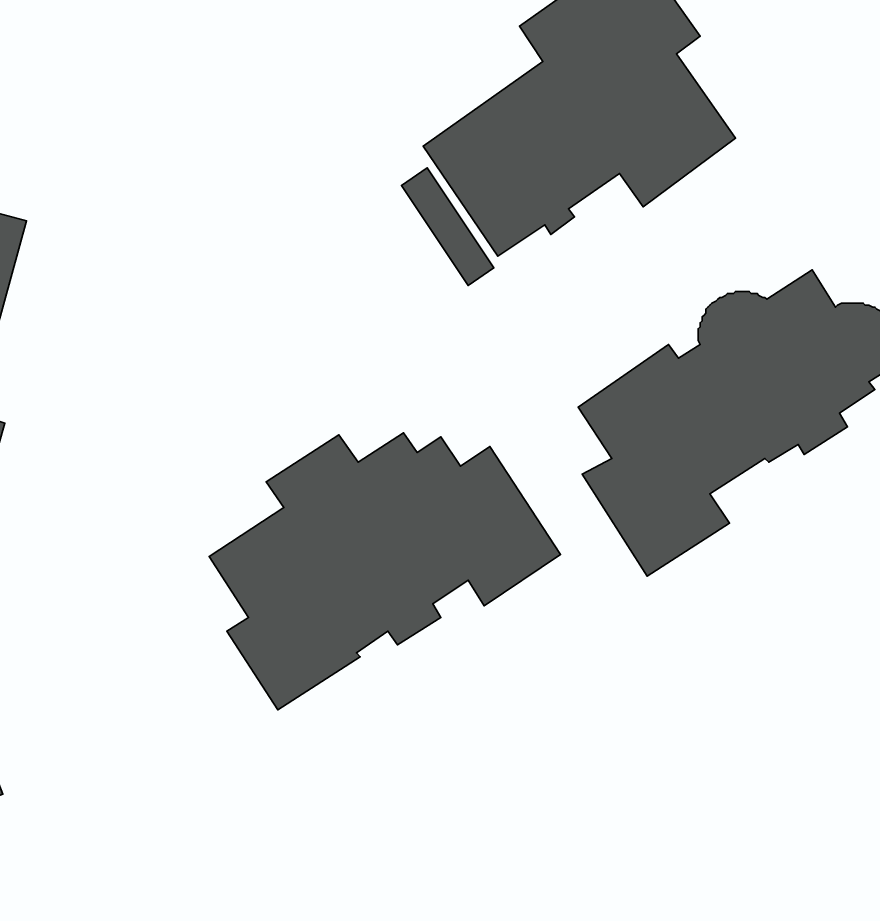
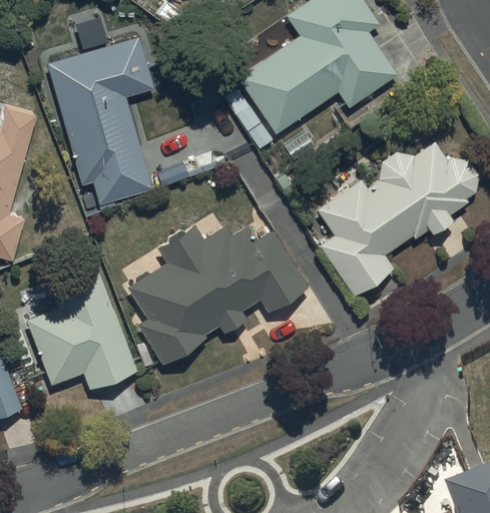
building: none -> [46,36,155,205]
building: none -> [26,258,137,391]

